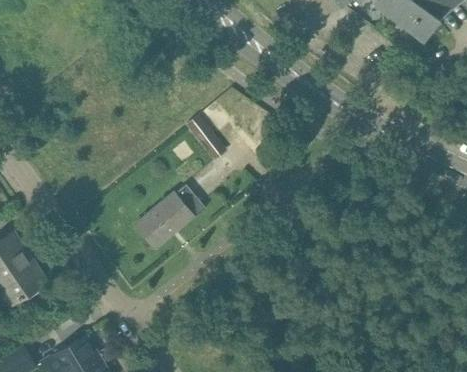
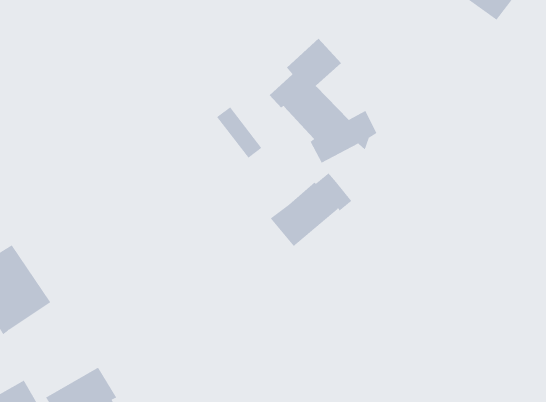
building: none -> [269,38,377,164]
building: [135,184,205,247] -> [270,173,352,247]

